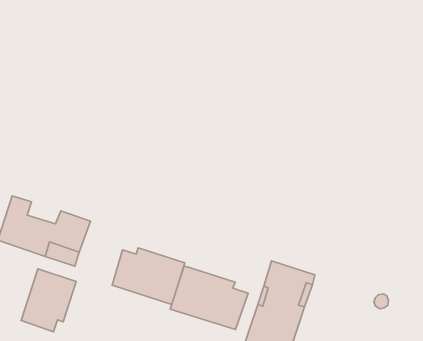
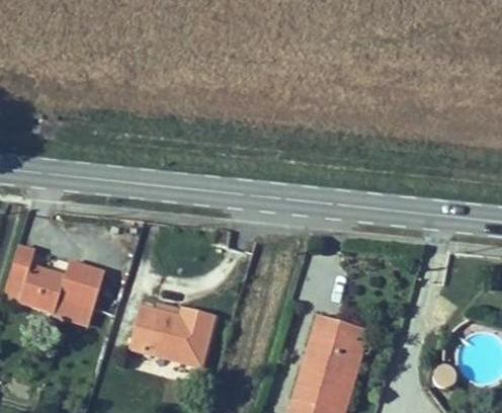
building: [170,266,248,330] -> none
building: [21,269,76,332] -> none

